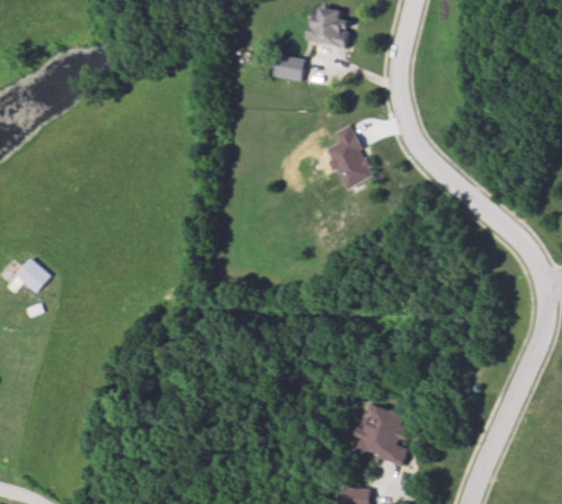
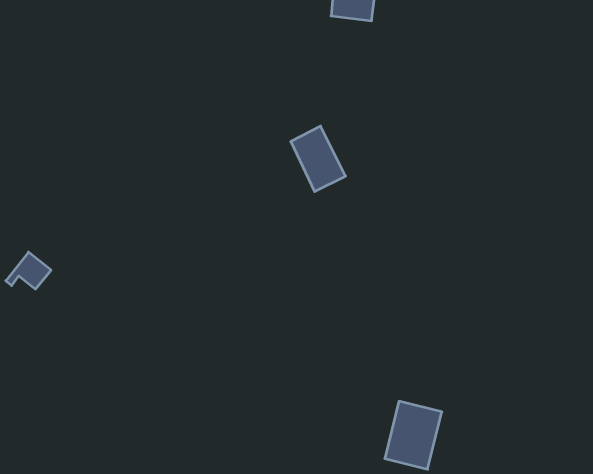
building: [272,55,303,80] -> none
building: [326,132,376,192] -> [291,126,346,192]

